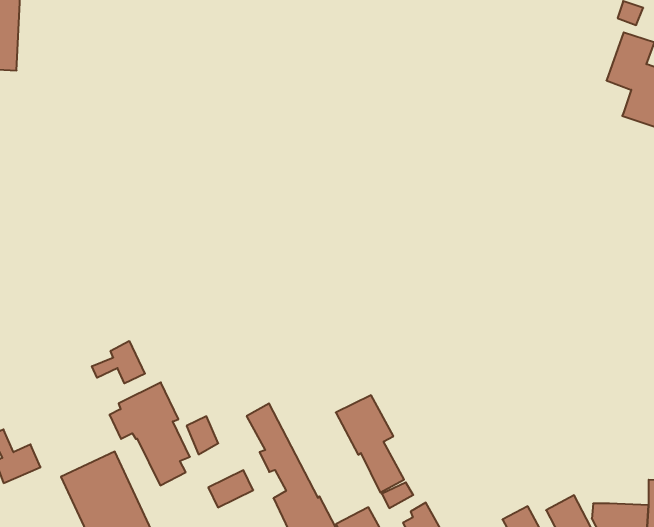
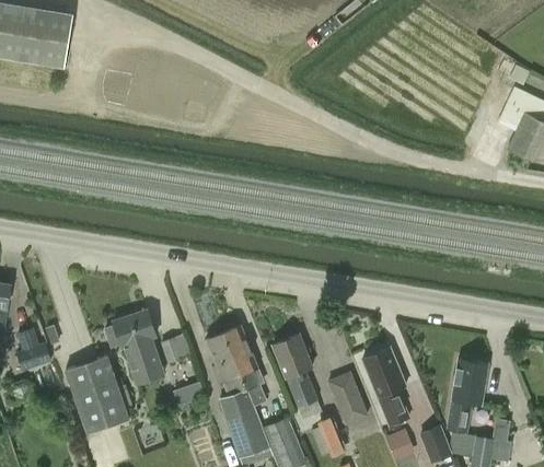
building: [92,341,145,383] -> none
building: none -> [223,326,265,406]
building: none -> [362,349,409,425]
building: none -> [447,359,488,433]
building: none -> [327,372,368,425]

